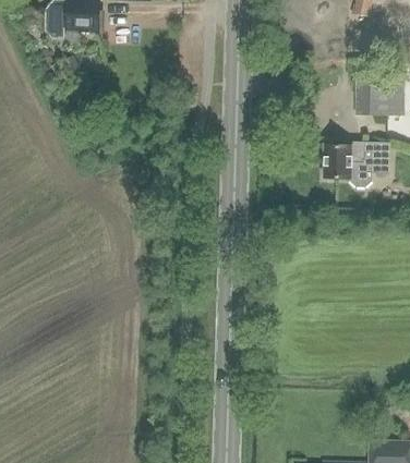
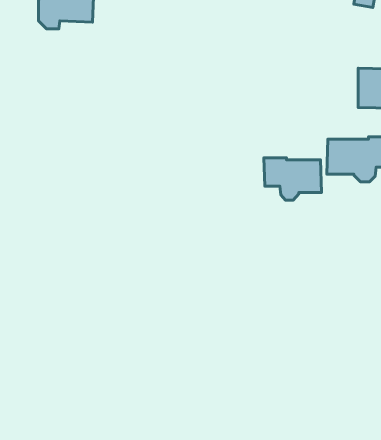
building: none -> [264,158,322,200]

